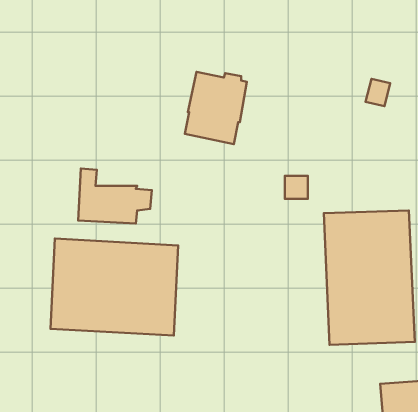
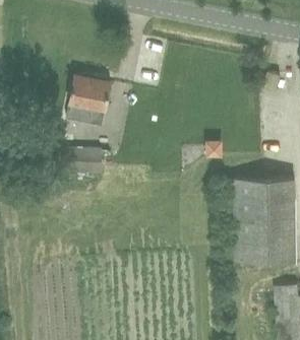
building: [185,72,247,144] -> [66,75,110,126]
building: [51,239,178,336] -> none

